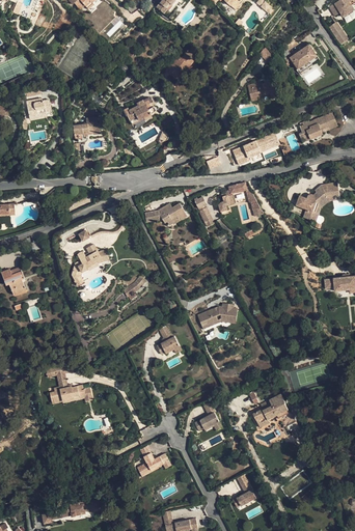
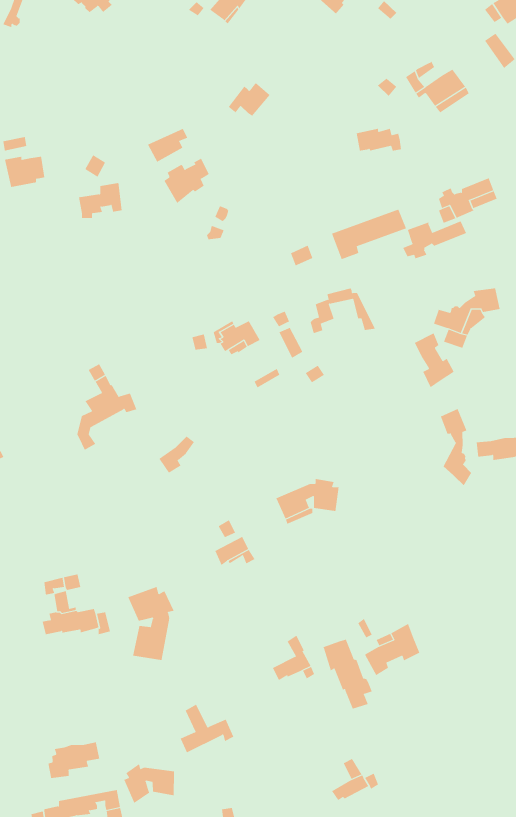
building: none -> [402,220,467,259]
building: none -> [414,333,455,388]
building: none -> [440,408,472,486]
building: none -> [127,586,174,661]
building: none -> [322,639,372,710]
building: none -> [48,742,100,779]
building: none -> [124,763,174,804]

